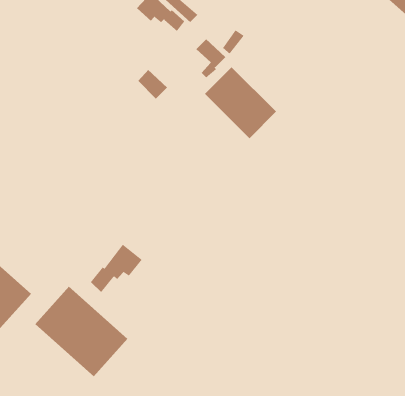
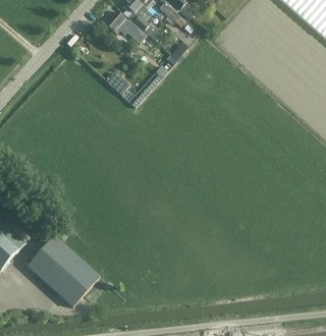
building: [204,66,277,139] -> none
building: [90,244,142,293] -> none

